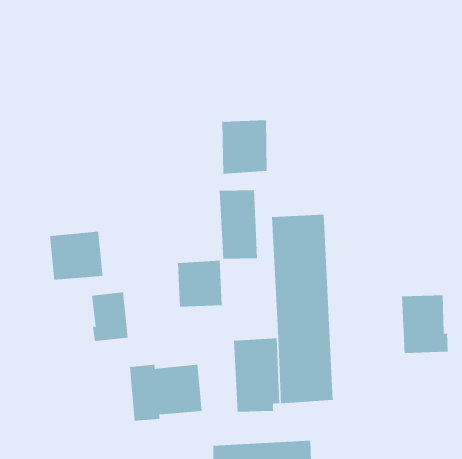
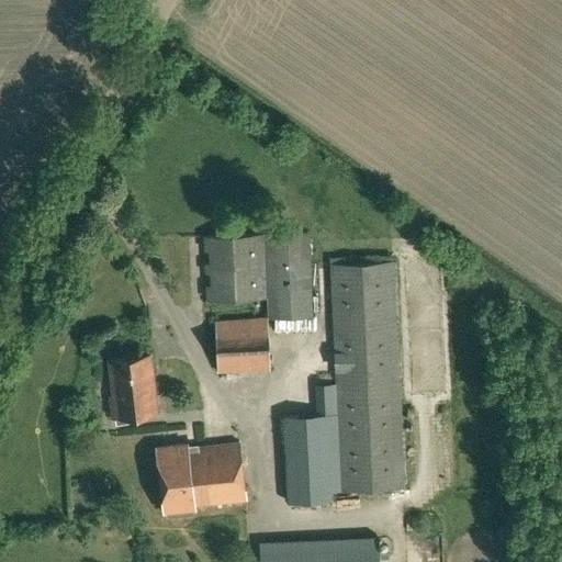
building: [222,120,268,174] -> [206,236,262,302]
building: [49,231,103,280] -> none
building: [401,294,448,354] -> none

